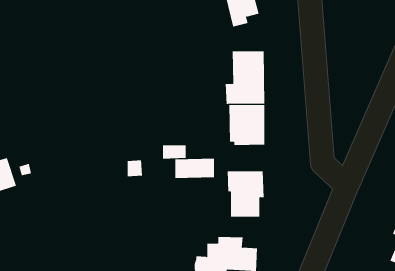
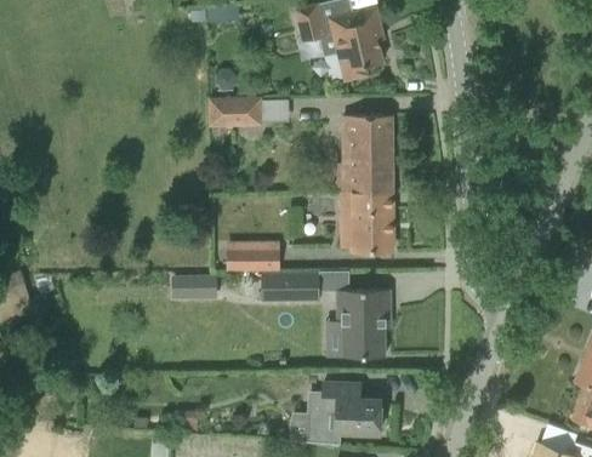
building: none -> [210,97,262,126]

